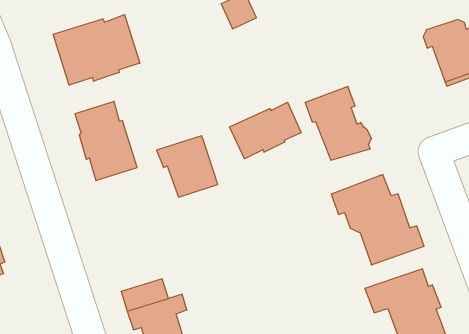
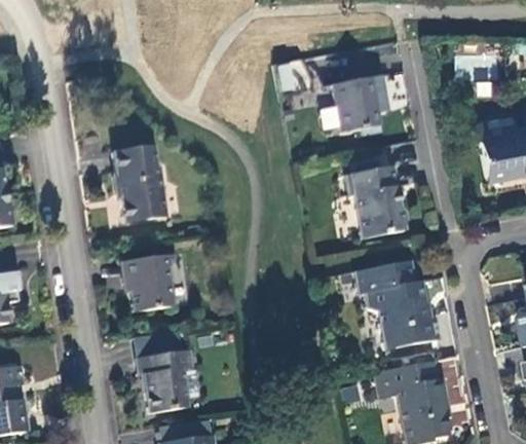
building: none -> [334,81,380,136]
building: [53,15,140,85] -> none
building: [230,102,301,159] -> none
building: [157,136,218,197] -> [120,253,176,310]

